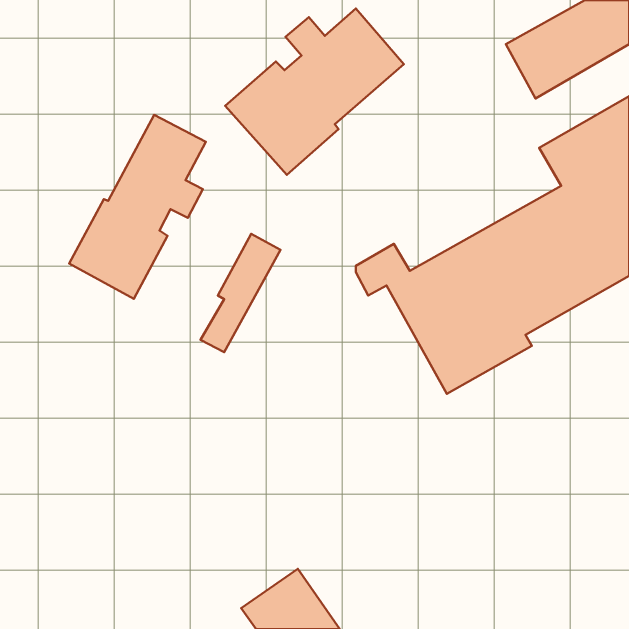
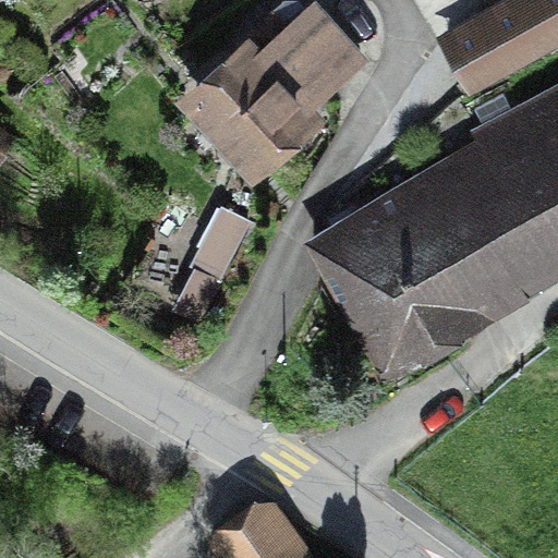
building: [69,115,206,299] -> none

